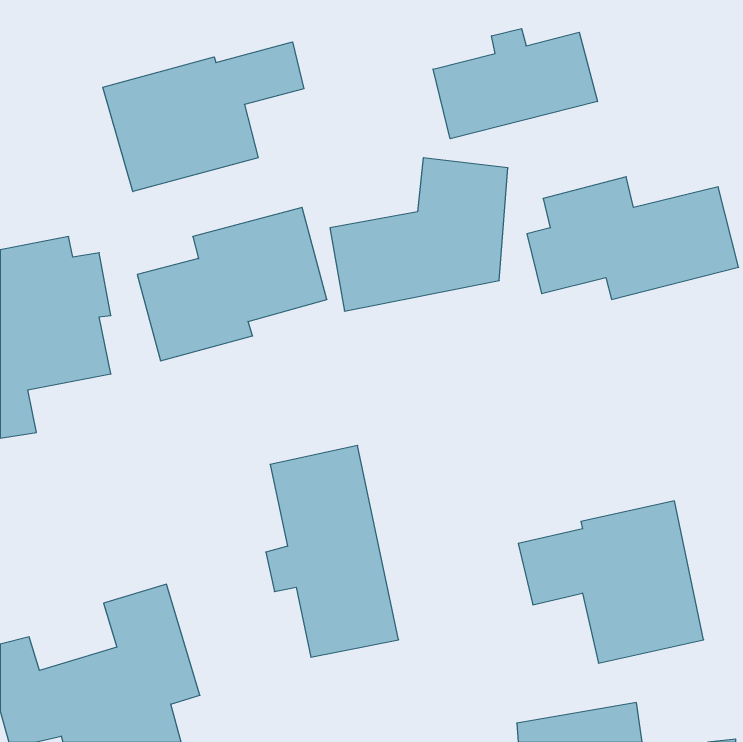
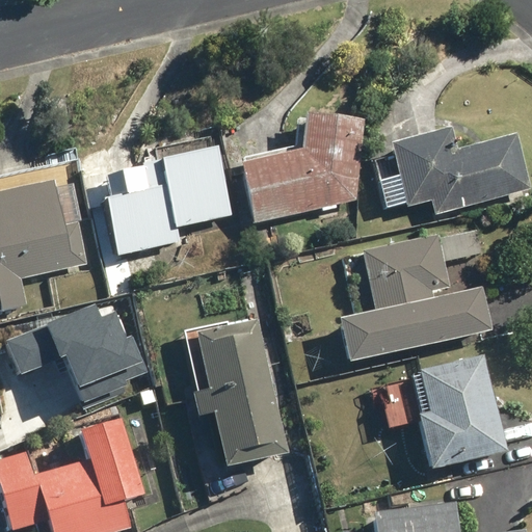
building: [433,29,597,139] -> none
building: [103,42,304,192] -> none
building: none -> [335,235,489,366]
building: none -> [11,291,148,393]

